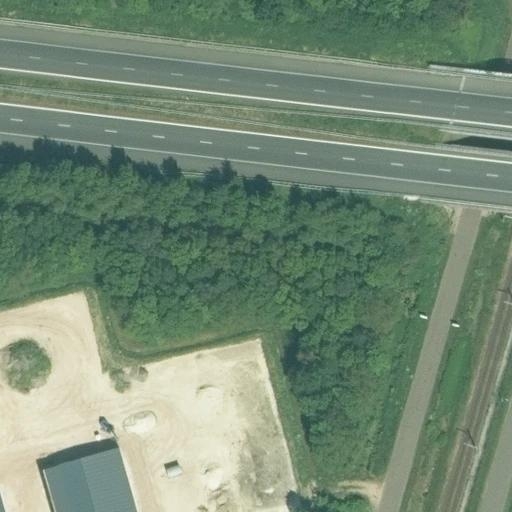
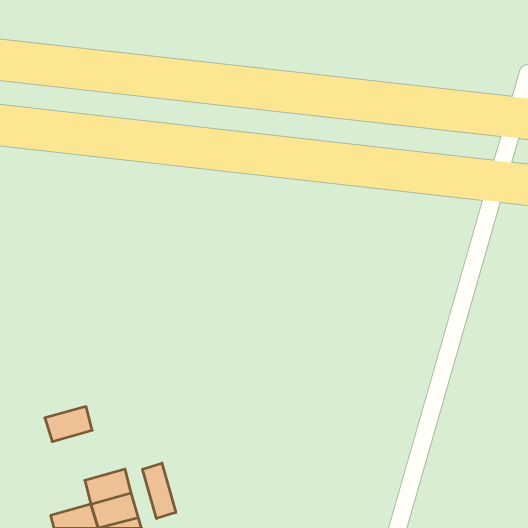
building: none -> [143,463,176,519]
building: [42,465,88,499] -> [45,407,92,442]

